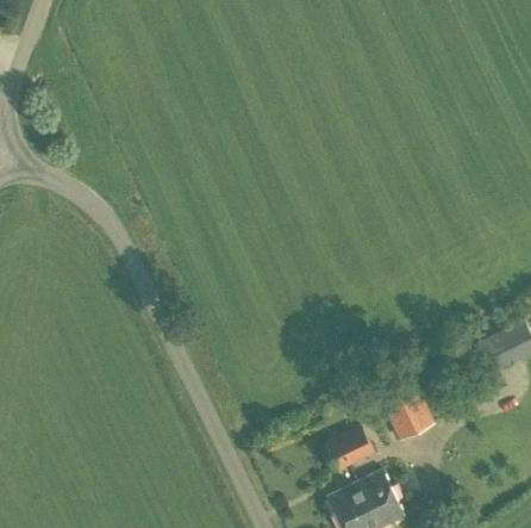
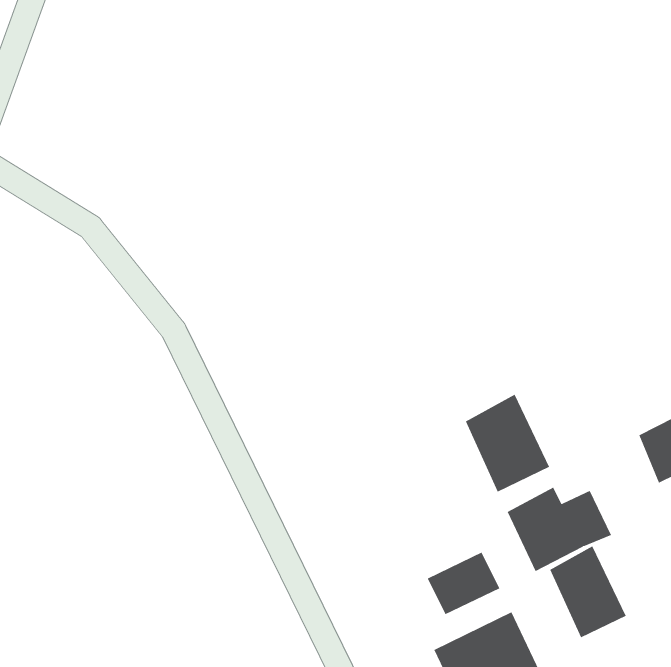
building: none -> [465,394,550,493]
building: none -> [549,546,626,638]

